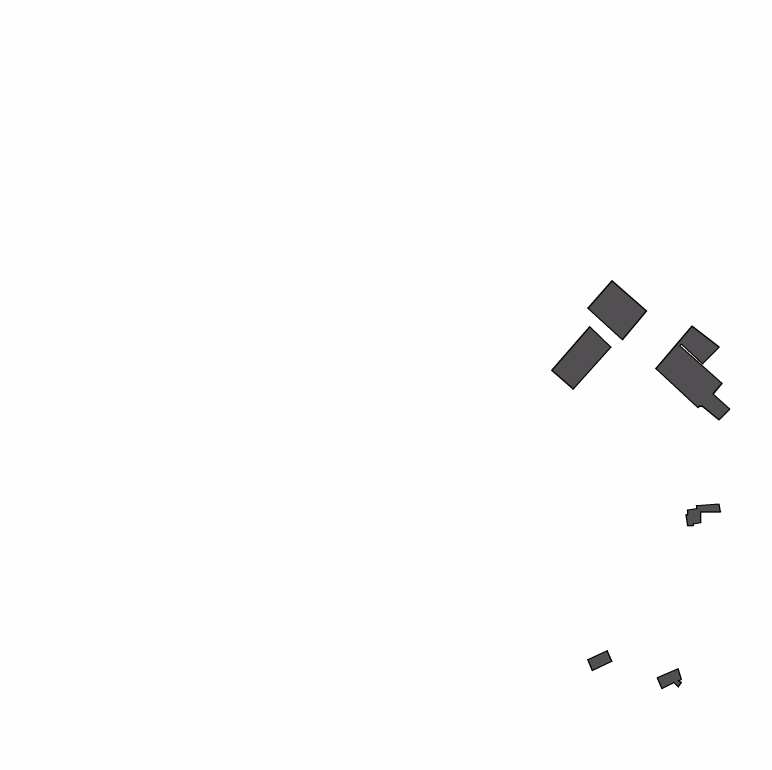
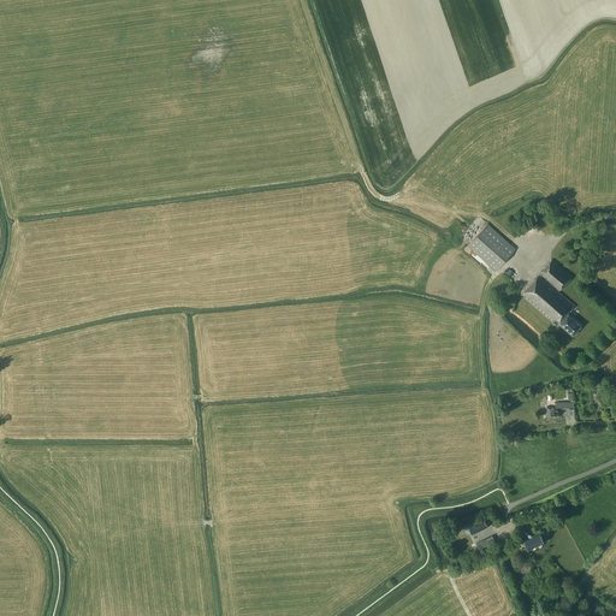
building: [552,327,611,389] -> none

